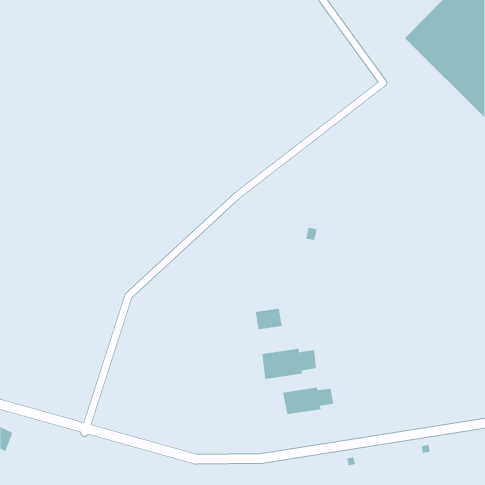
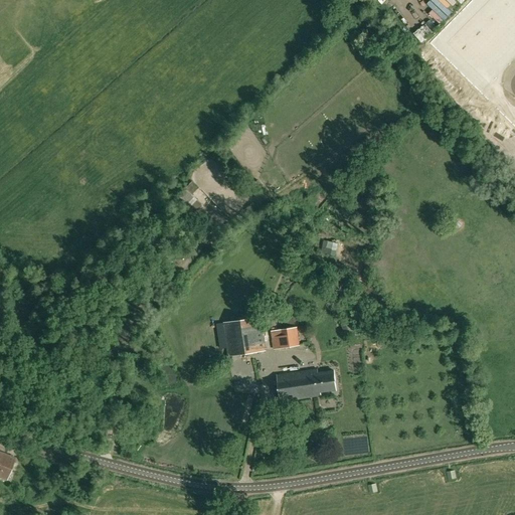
building: none -> [222,317,263,355]
building: [283,387,334,415] -> none

